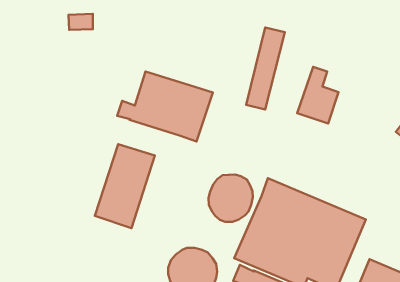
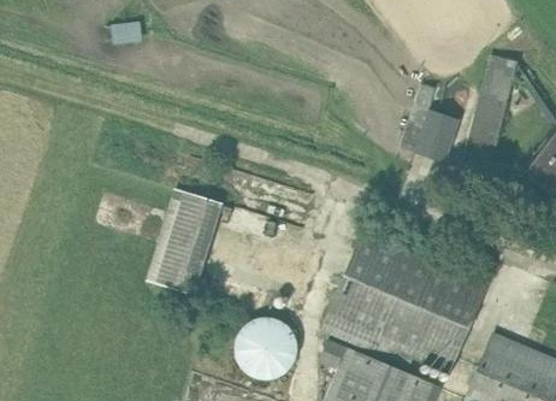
building: [246,27,285,110] -> [468,54,517,159]
building: [117,72,213,142] -> none
building: [208,175,253,222] -> none

